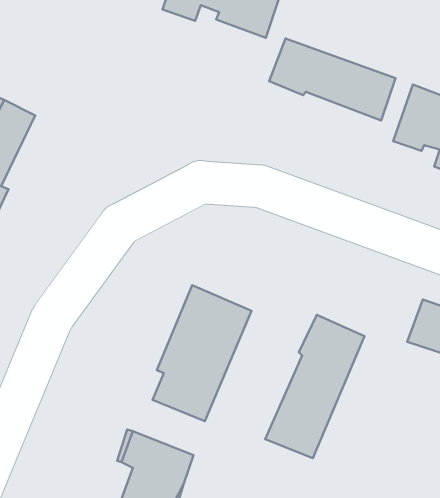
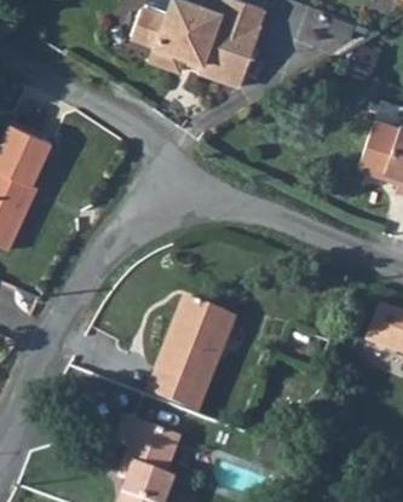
building: [269,39,395,120] -> none
building: [265,315,365,458] -> none

